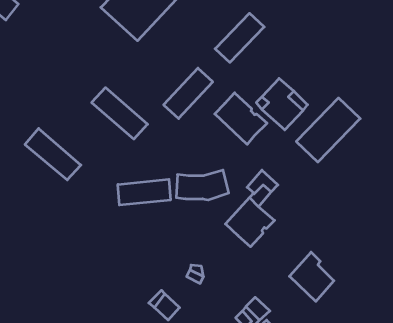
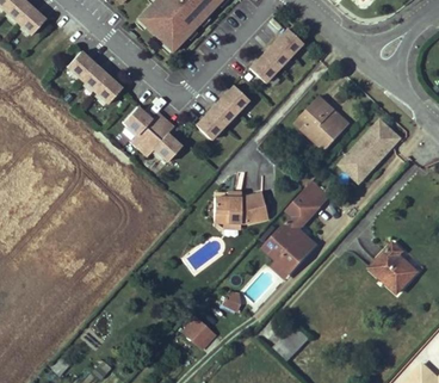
building: [215,93,267,144] -> none
building: [25,128,81,180] -> [66,51,124,105]
building: [118,179,170,205] -> none
building: [289,252,334,301] -> [370,241,416,292]

